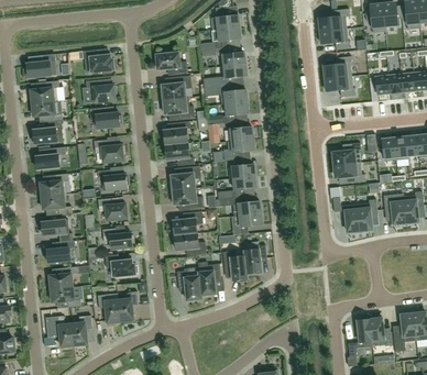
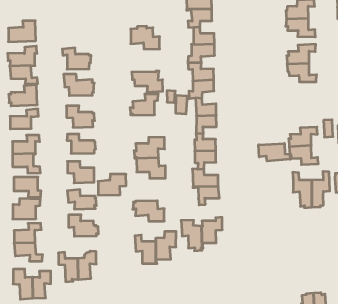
building: [83,49,116,74] -> none
building: [158,76,190,100] -> none
building: [164,143,194,165] -> none
building: none -> [259,143,290,161]
building: [173,211,202,235] -> [98,174,126,195]

